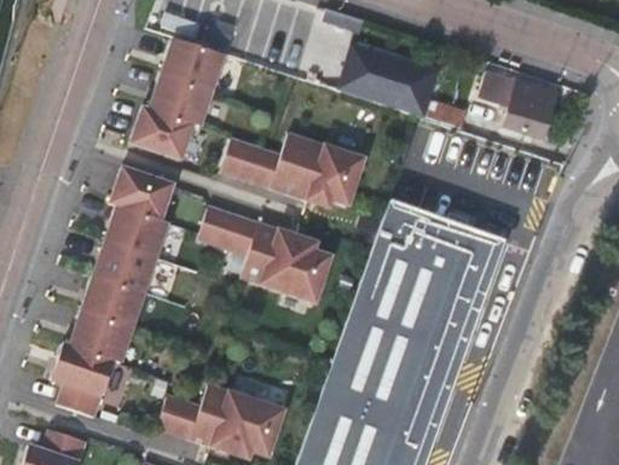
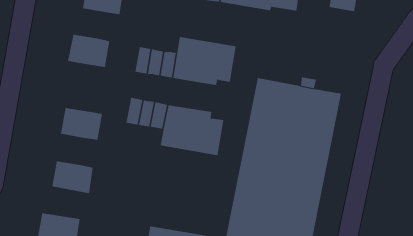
building: [151,72,214,126] -> none
building: [111,167,175,219] -> none
building: [96,239,157,292] -> none
building: [71,309,134,362] -> none

